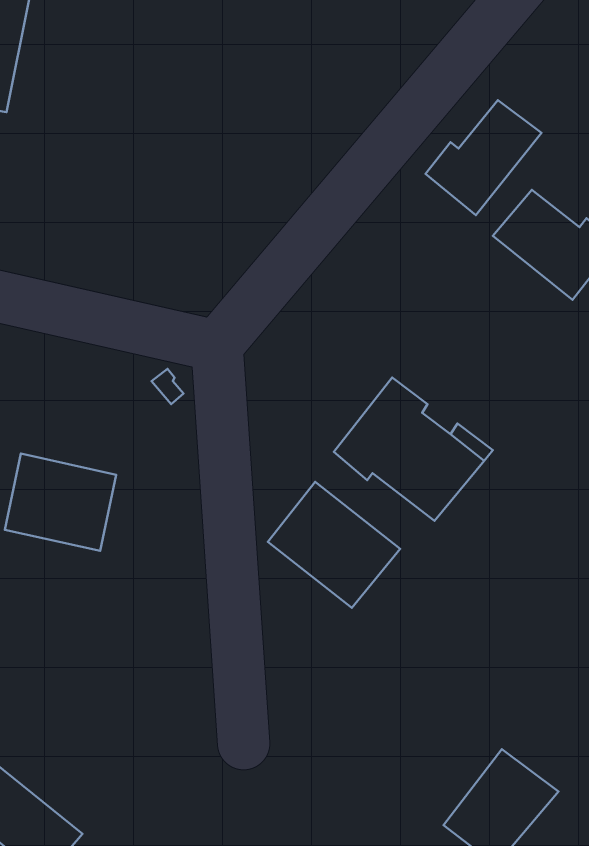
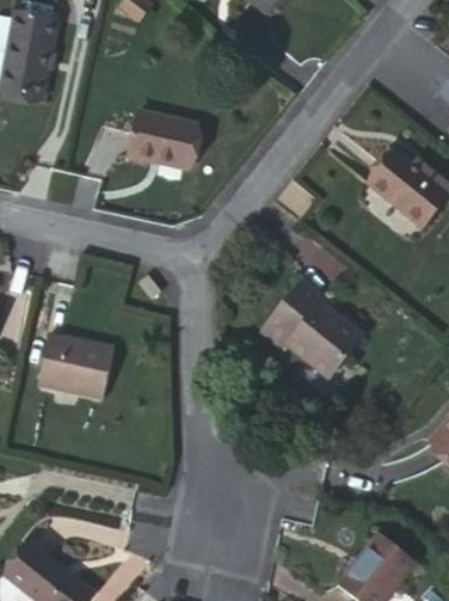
building: [426,100,542,215] -> none
building: none -> [128,110,196,167]
building: [268,482,400,608] -> none

